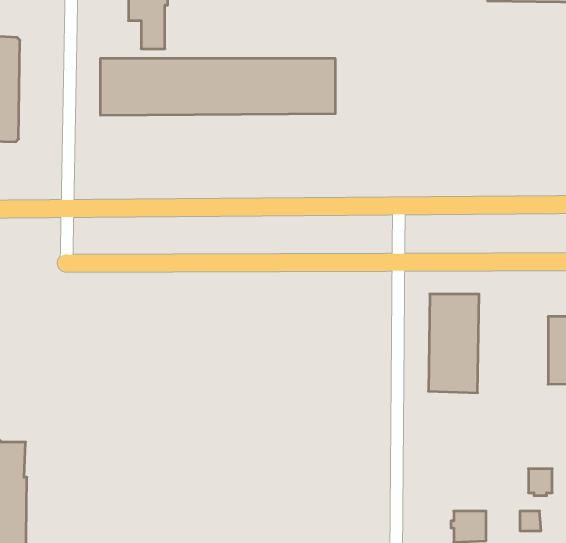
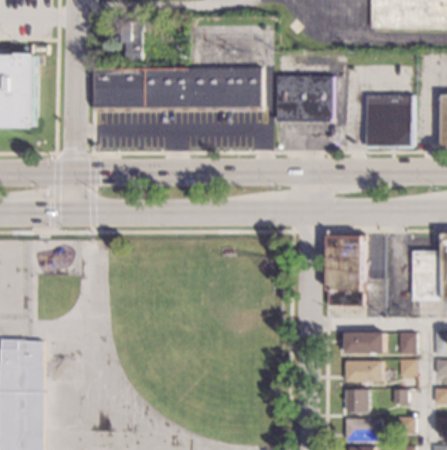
building: none -> [276,75,333,123]
building: none -> [367,95,412,146]
building: none -> [341,332,385,351]
building: none -> [399,332,416,353]
building: none -> [346,360,382,381]

